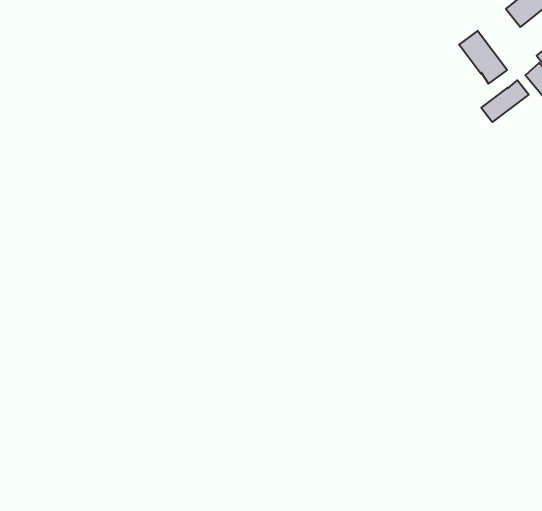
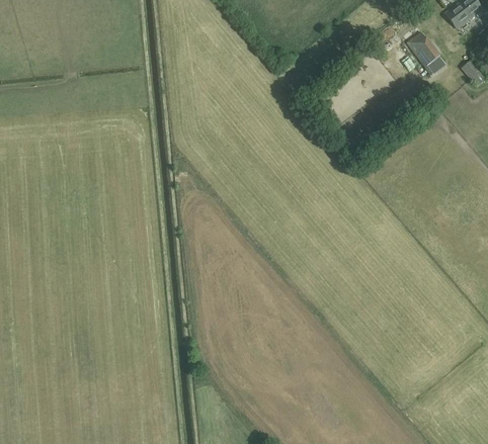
building: [481,80,529,122] -> none

